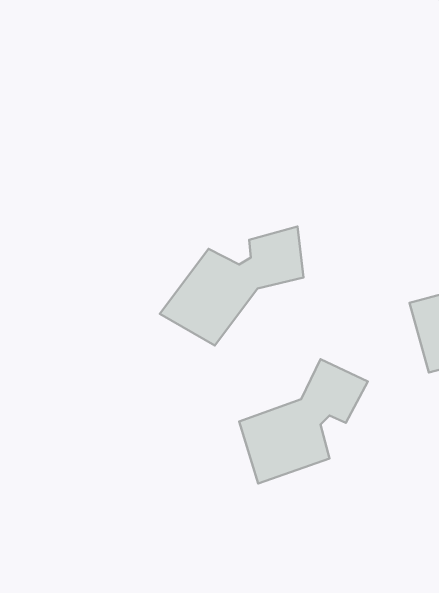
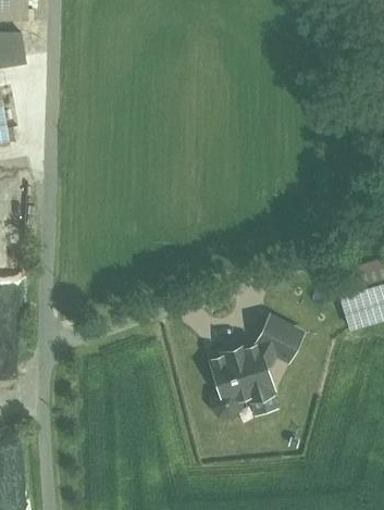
building: [160,226,303,345] -> none

